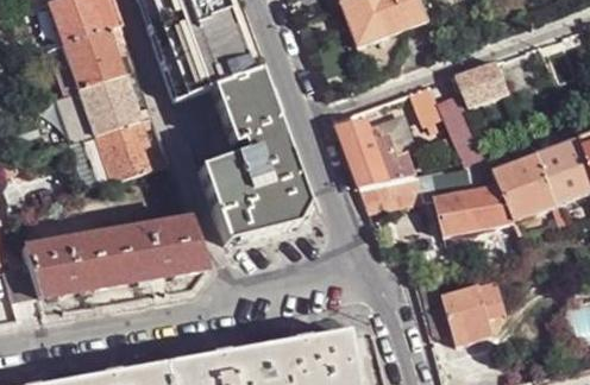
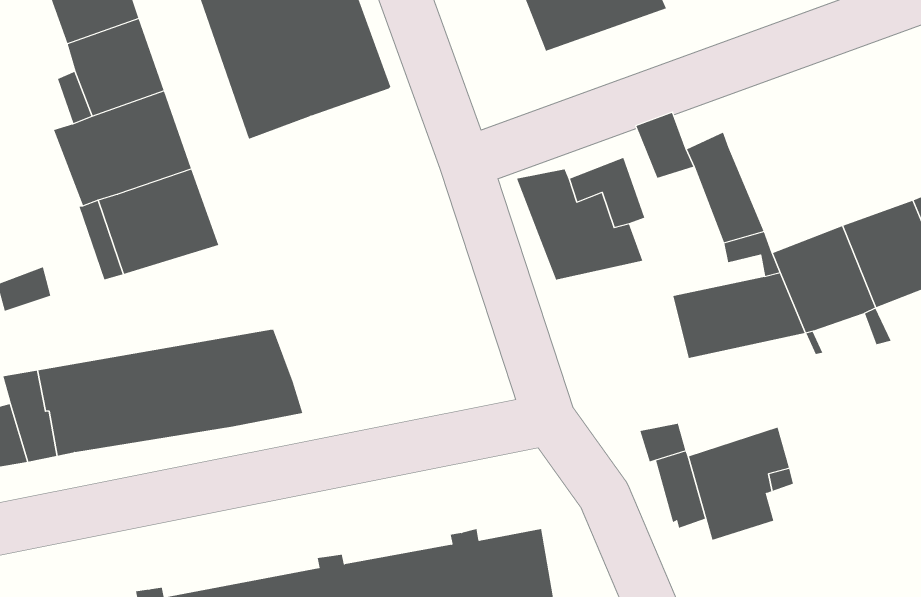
building: [454,57,510,103] -> none
building: [199,68,306,240] -> none
building: [362,171,423,208] -> none

